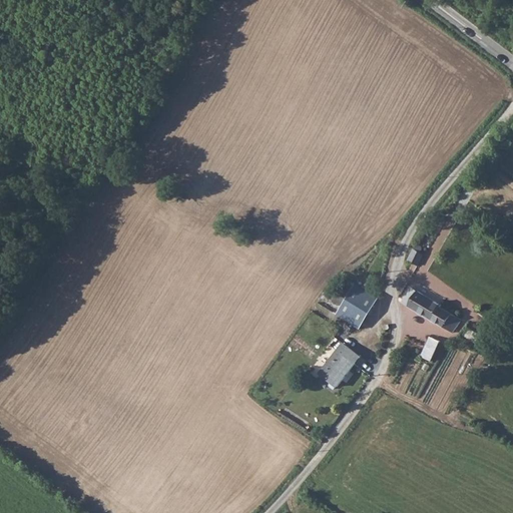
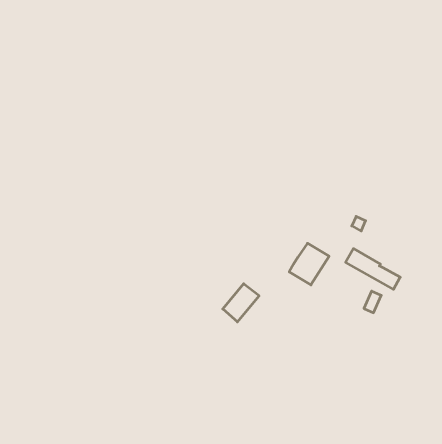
building: [318,344,360,388] -> [223,284,259,322]

